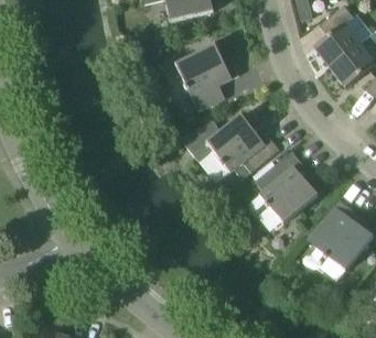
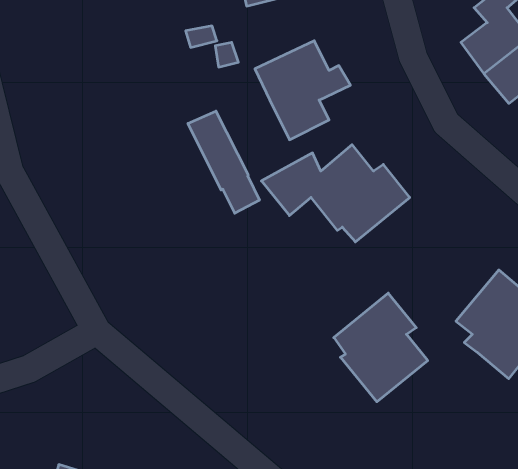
building: none -> [188,111,259,213]
building: [255,151,318,223] -> [334,293,428,402]

